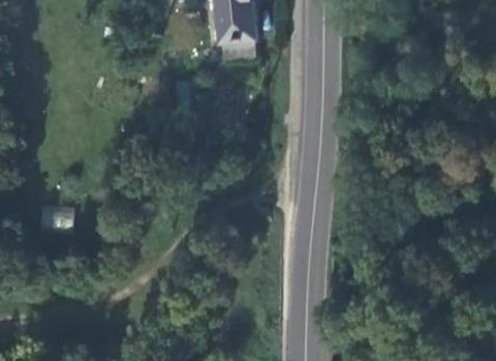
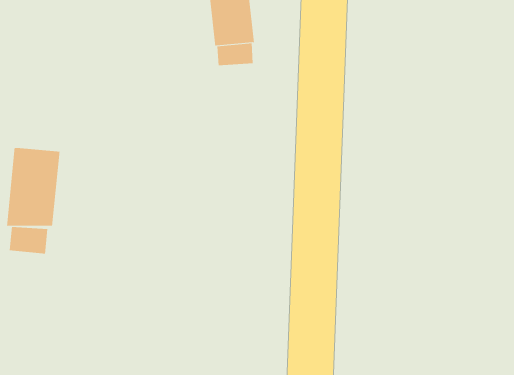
building: none -> [7,147,60,226]

